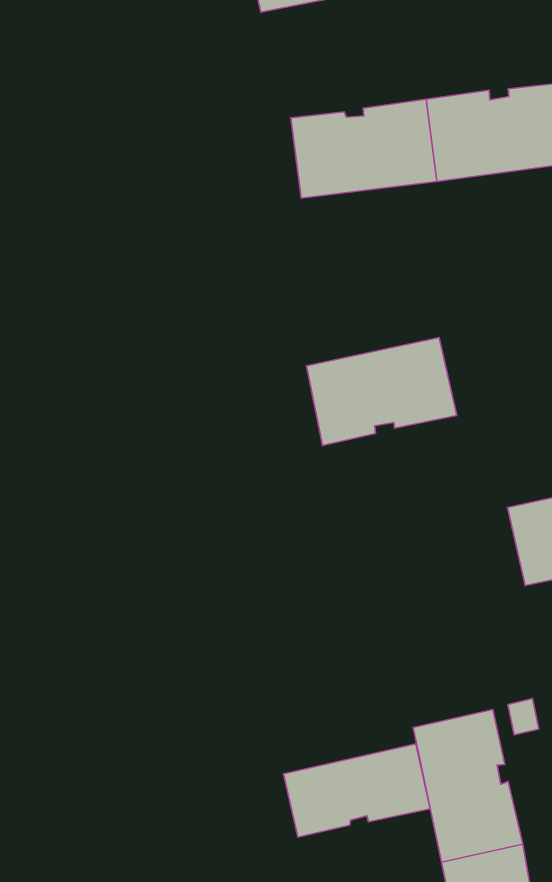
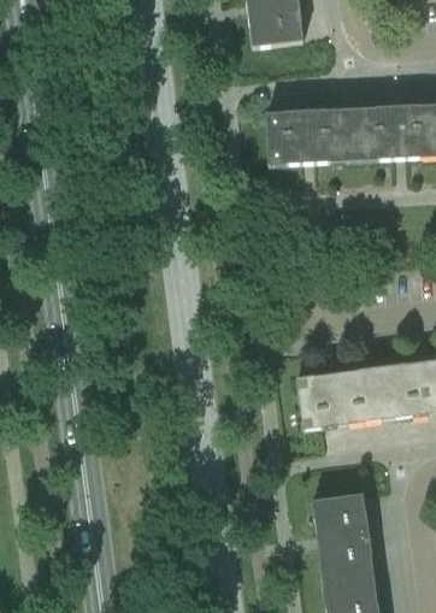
building: [306,338,457,446] -> [296,366,388,428]
building: [284,744,430,837] -> none

